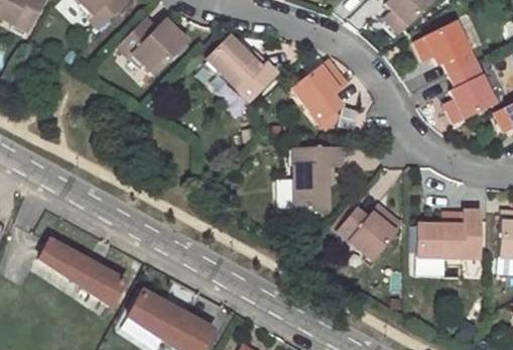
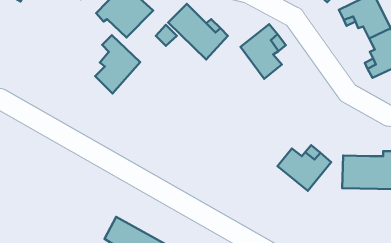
building: none -> [95,35,140,93]
building: [296,149,343,211] -> none
building: [41,240,126,306] -> none

